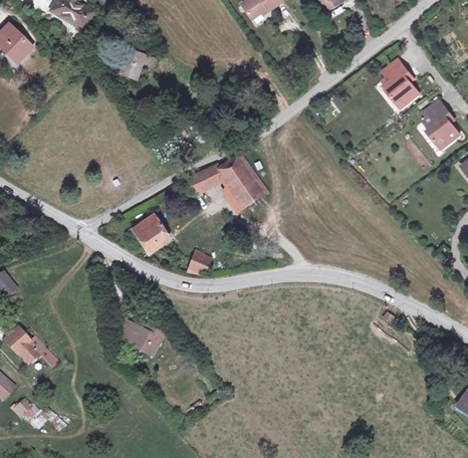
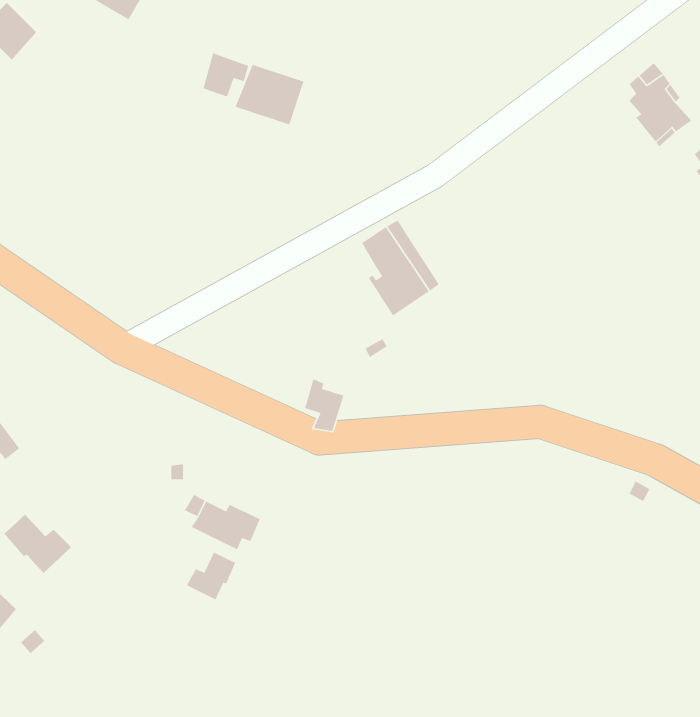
building: none -> [235,64,305,126]
building: [186,163,228,198] -> none
building: [130,212,169,252] -> none
building: none -> [186,551,236,601]

